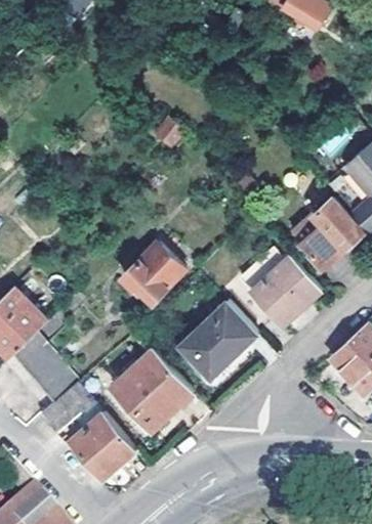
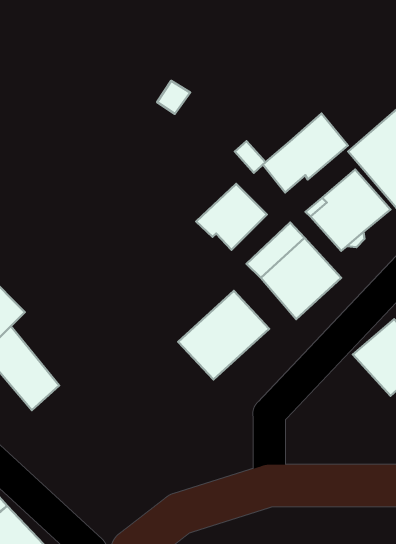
building: none -> [263,113,348,192]
building: [122,244,183,301] -> [196,184,267,250]
building: [113,350,192,431] -> none
building: [40,385,135,480] -> none

